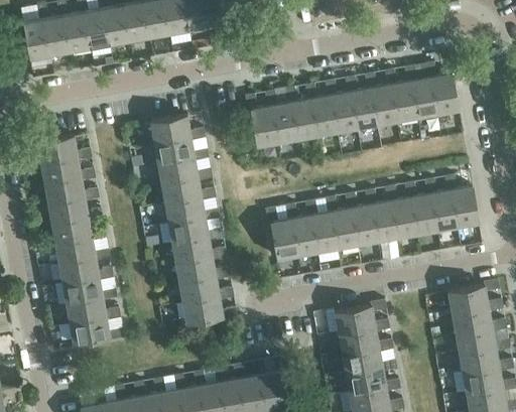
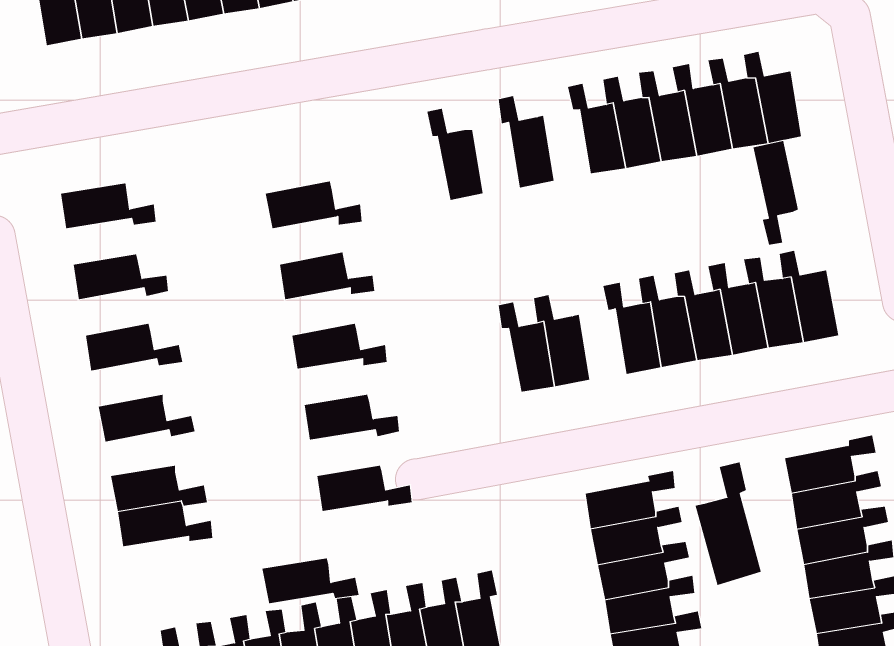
building: [303,86,337,137] -> none
building: [264,93,296,144] -> none
building: none -> [753,140,798,246]
building: [149,117,205,144] -> none
building: [156,157,212,184] -> none
building: [39,158,95,184] -> none
building: [46,197,102,225] -> none
building: [163,197,219,225] -> none
building: [324,198,357,250] -> none
building: [264,209,297,261] -> none
building: [53,238,109,265] -> none
building: [170,238,226,264] -> none
building: [61,278,116,304] -> none
building: [177,278,233,304] -> [262,558,359,604]
building: none -> [695,462,762,586]

